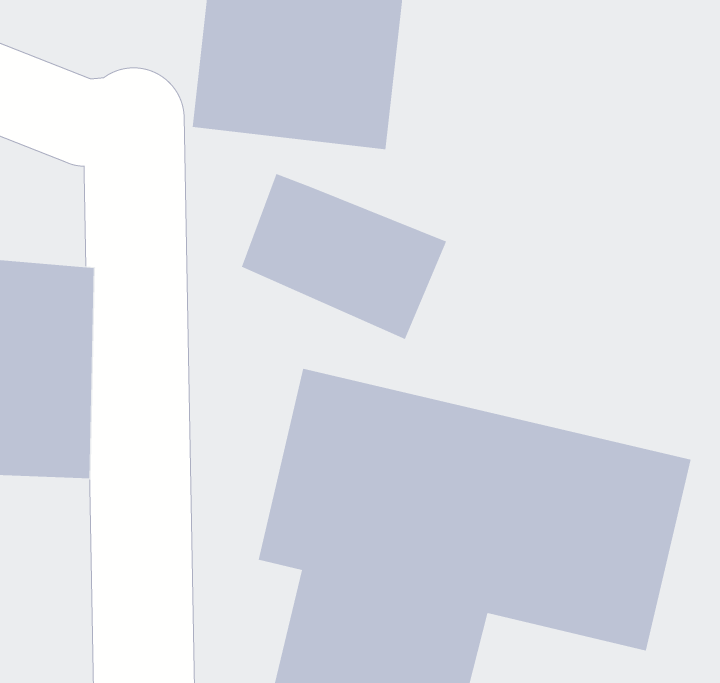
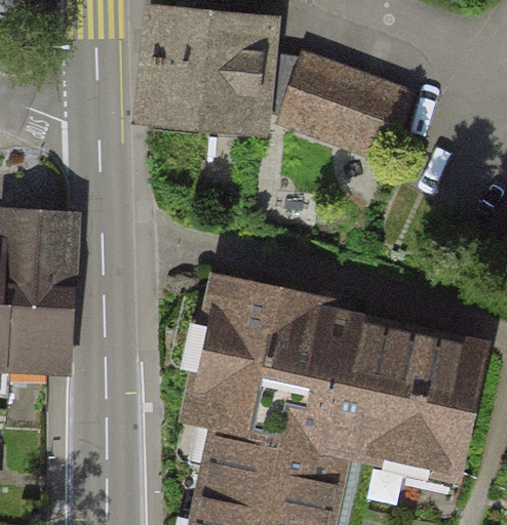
building: none -> [289,51,414,161]
building: [241,173,447,340] -> none

